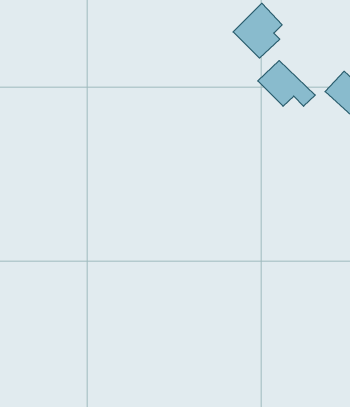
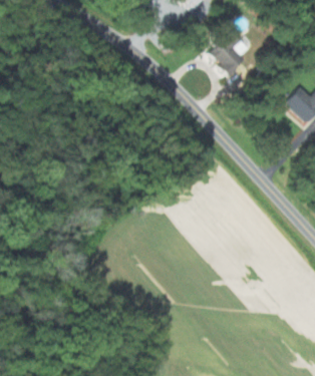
building: [258,61,315,106] -> none

